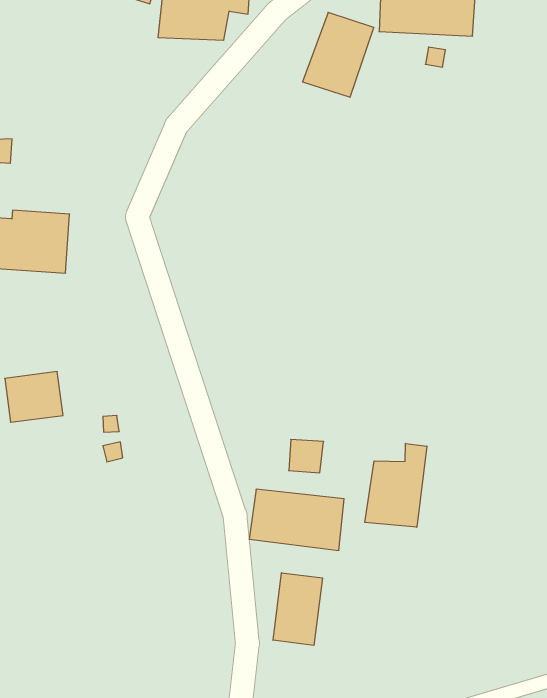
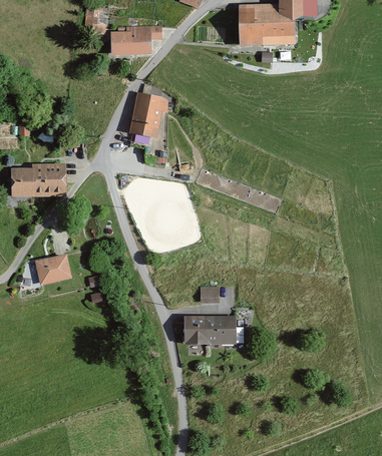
building: [303,12,374,97] -> [129,90,168,138]
building: [365,443,427,527] -> none
building: [273,573,322,645] -> none

